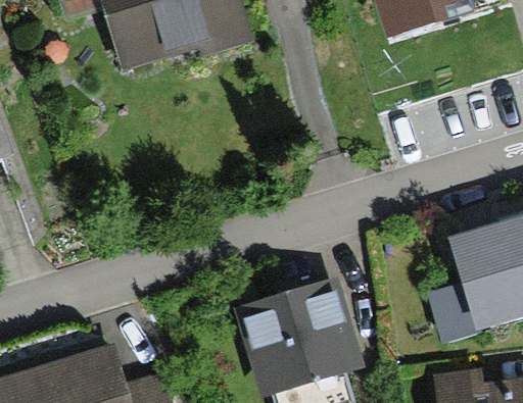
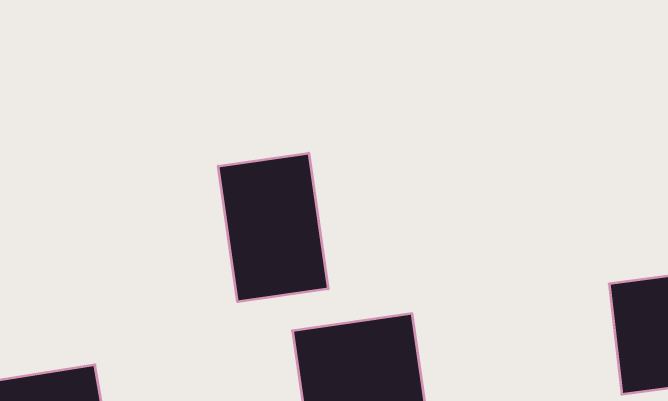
building: none -> [218,153,328,302]

